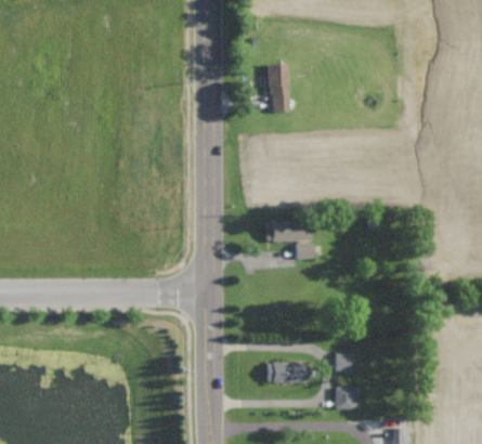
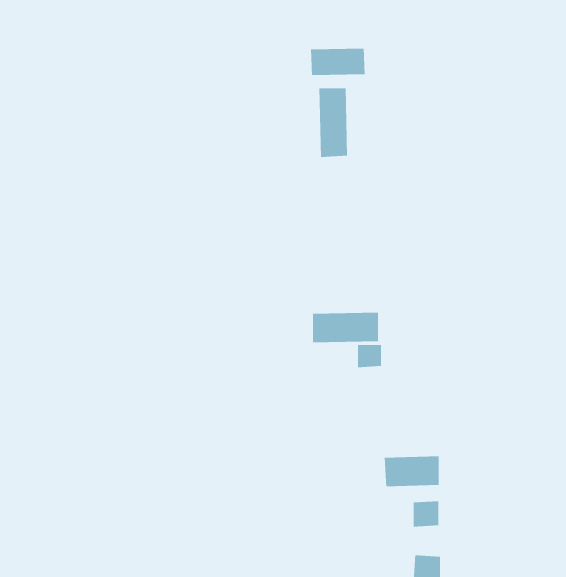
building: none -> [310,48,365,76]
building: [266,362,305,383] -> [384,456,440,487]

